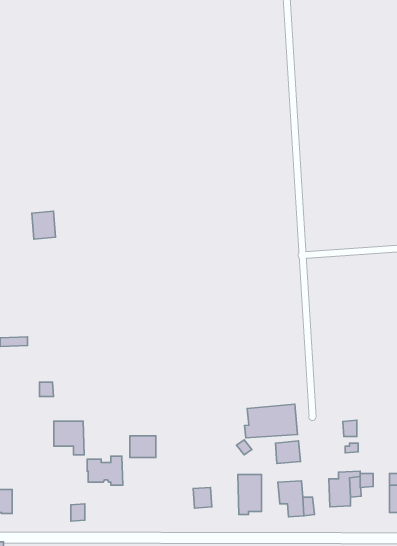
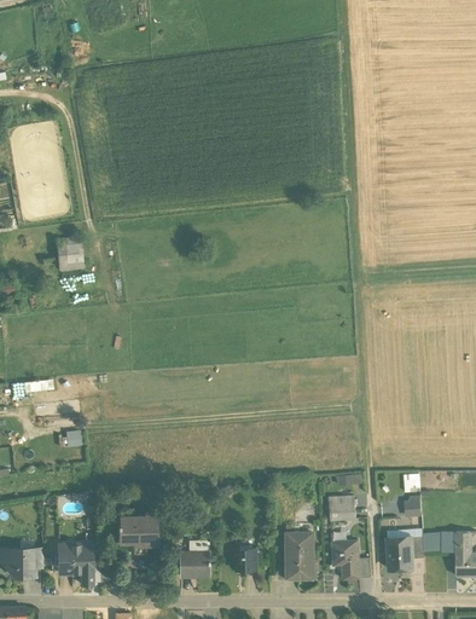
building: [245,404,297,438] -> none
building: [54,421,84,455] -> [58,545,92,583]
building: [130,436,156,458] -> [179,553,208,577]

